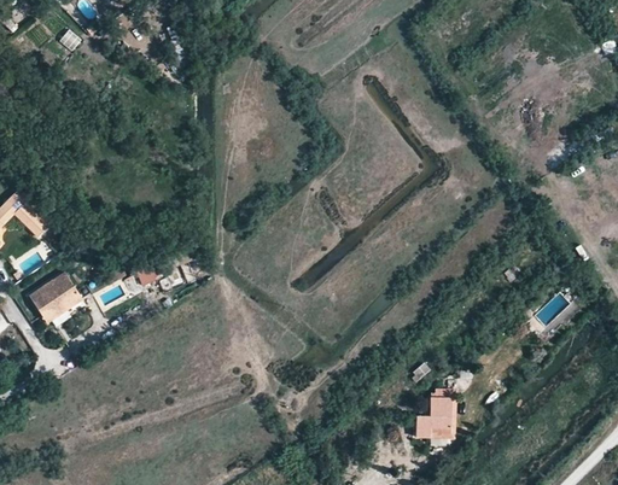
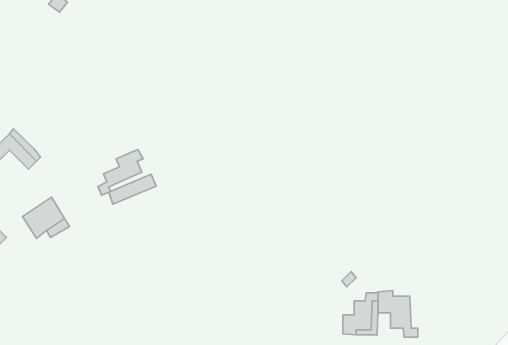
building: none -> [98,150,143,195]
building: none -> [378,291,418,337]

